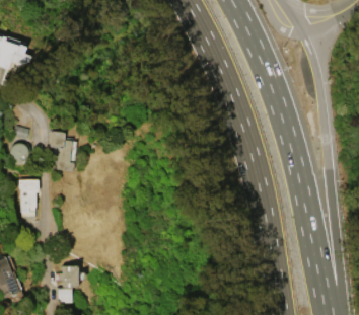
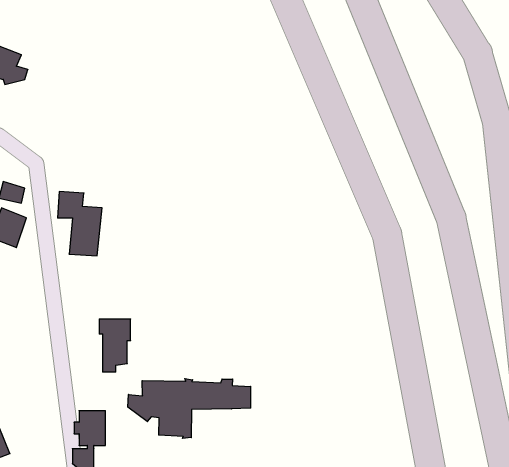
building: [19,179,39,212] -> [99,319,131,372]
building: none -> [128,379,251,438]

